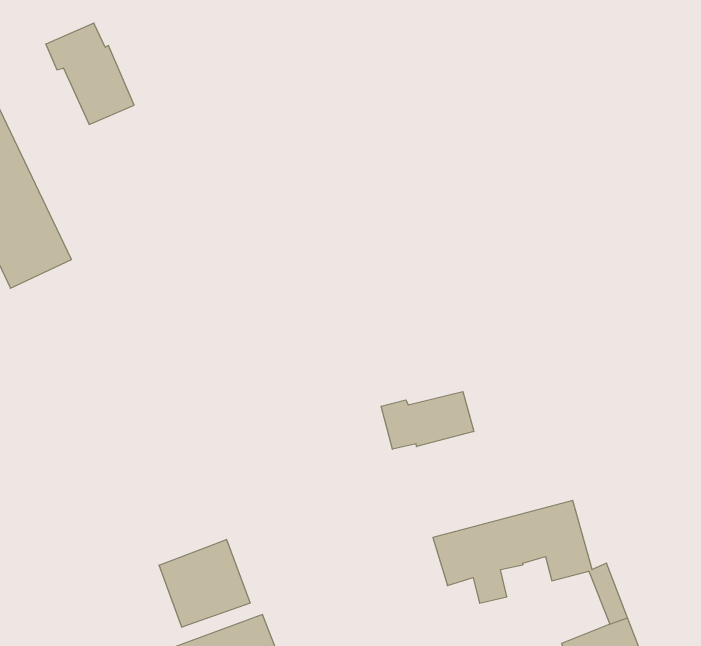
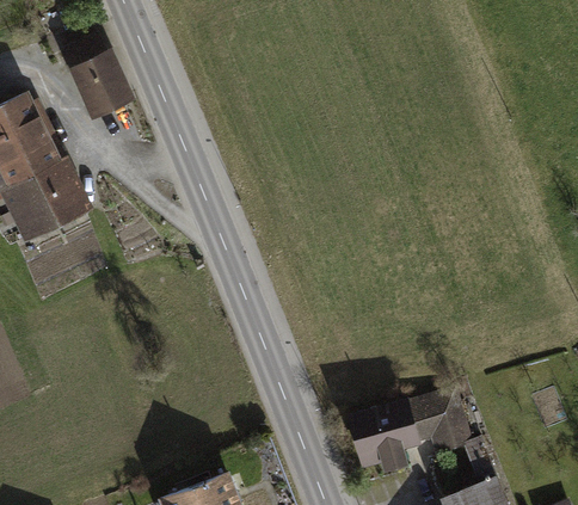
building: [381,392,474,449] -> none
building: [159,539,250,627] -> none

